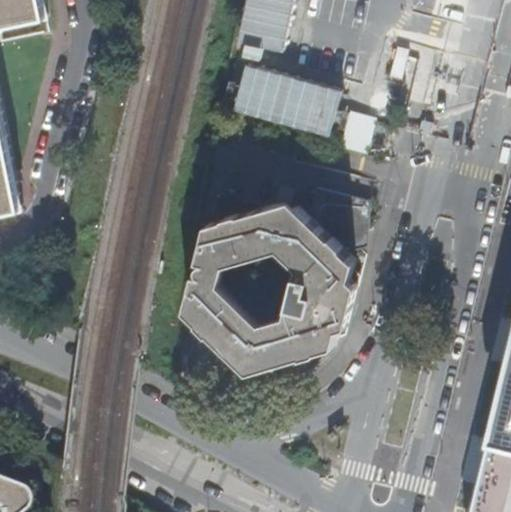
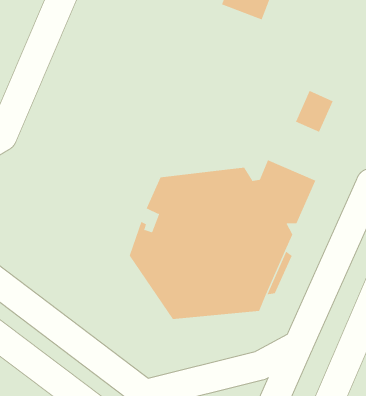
building: [226,63,335,135] -> none

